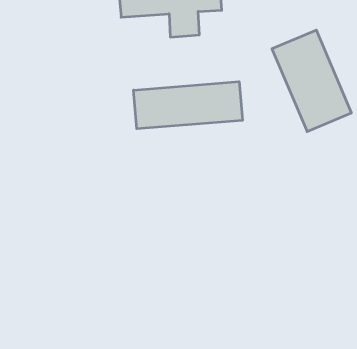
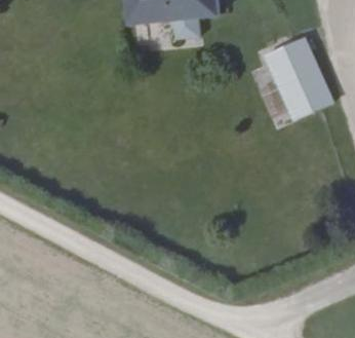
building: [134,82,242,129] -> none

